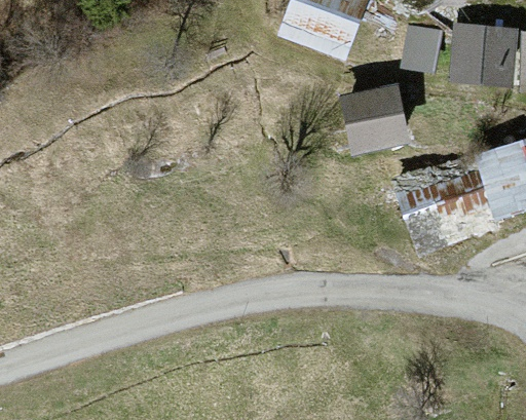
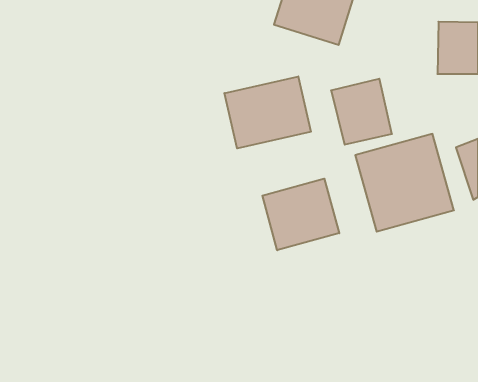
building: none -> [224,76,311,148]
building: none -> [262,179,339,250]

